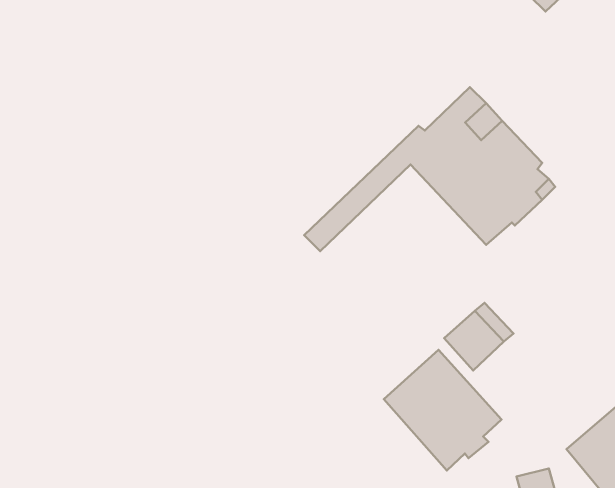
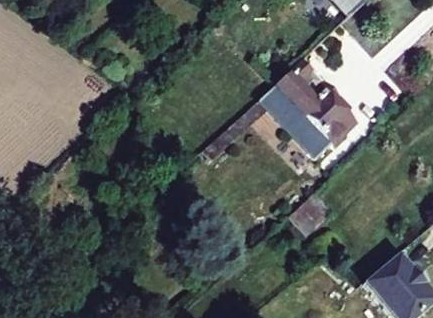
building: [384,350,501,471] -> none

